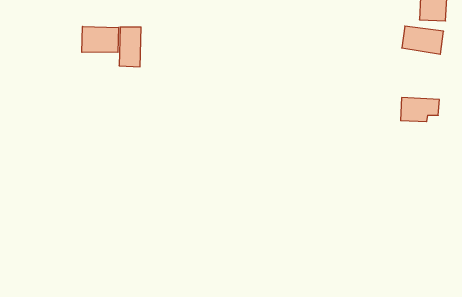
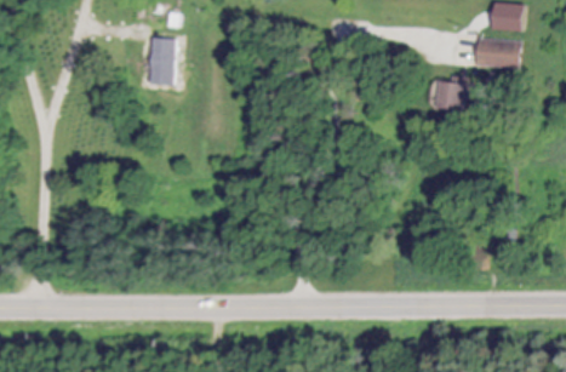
building: [82,26,118,52] -> none
building: [401,98,439,122] -> [436,81,481,109]

